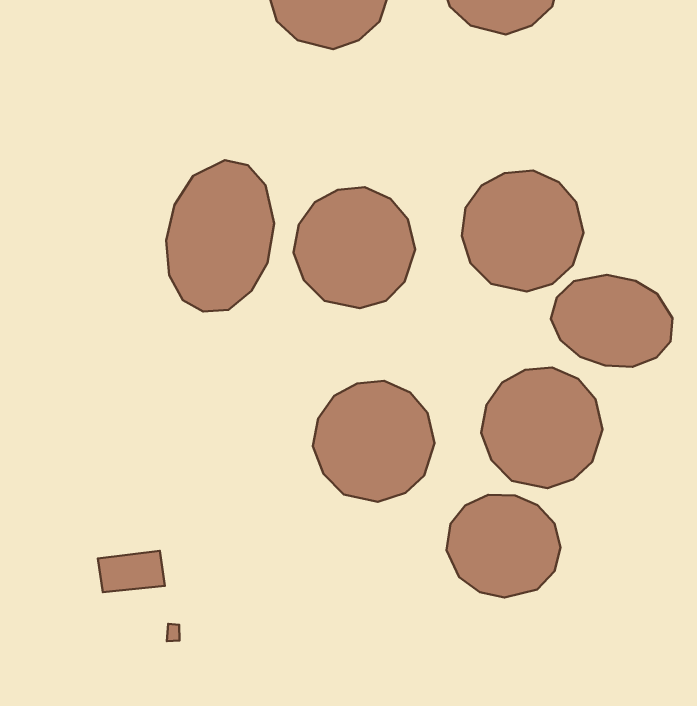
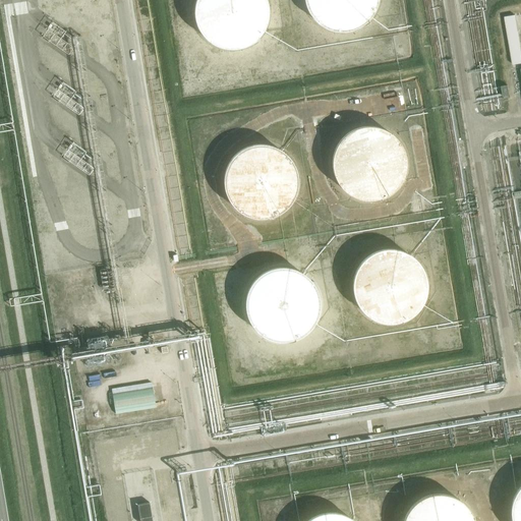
building: [166,160,274,312] -> none
building: [551,275,673,367] -> none
building: [447,495,560,598] -> none

